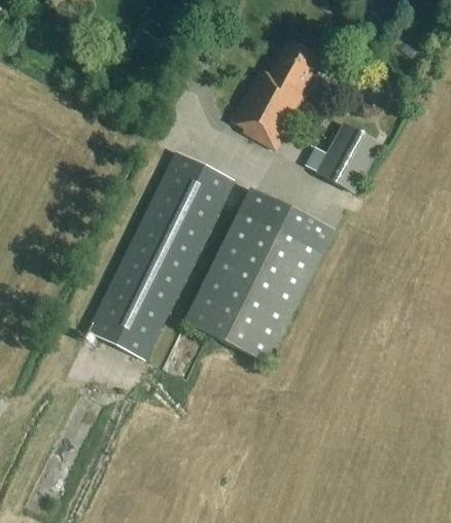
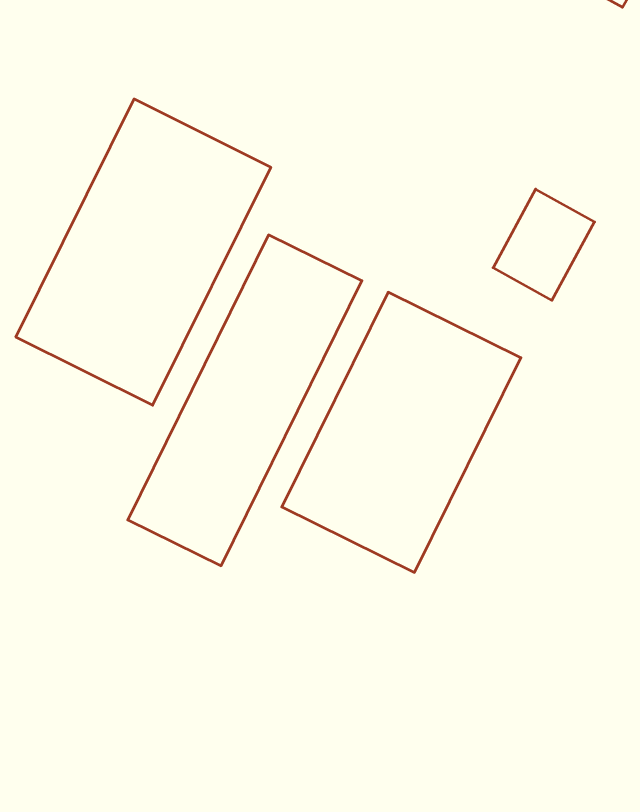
building: [232,39,320,148] -> none
building: none -> [16,99,271,405]

